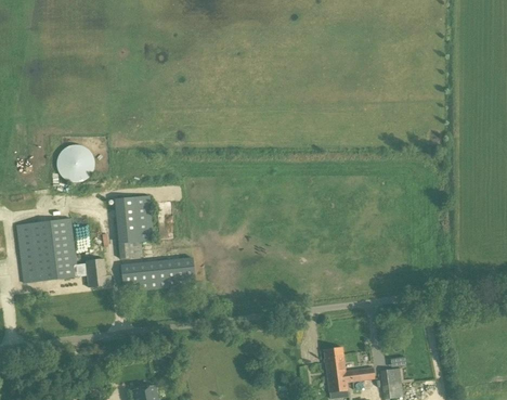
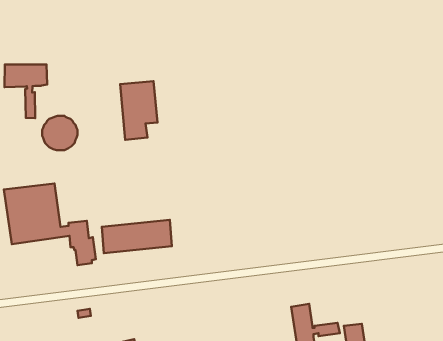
building: none -> [5,65,47,118]
building: [114,195,154,258] -> [120,81,157,140]

